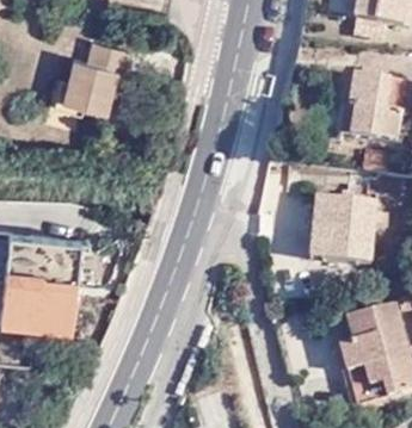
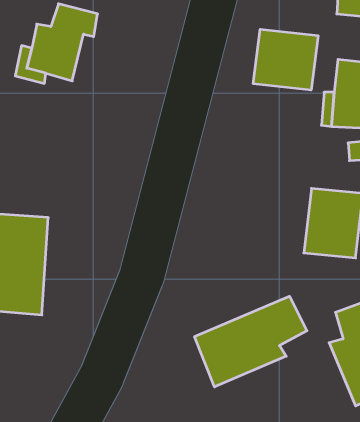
building: none -> [253,29,318,90]
building: none -> [195,296,307,387]

